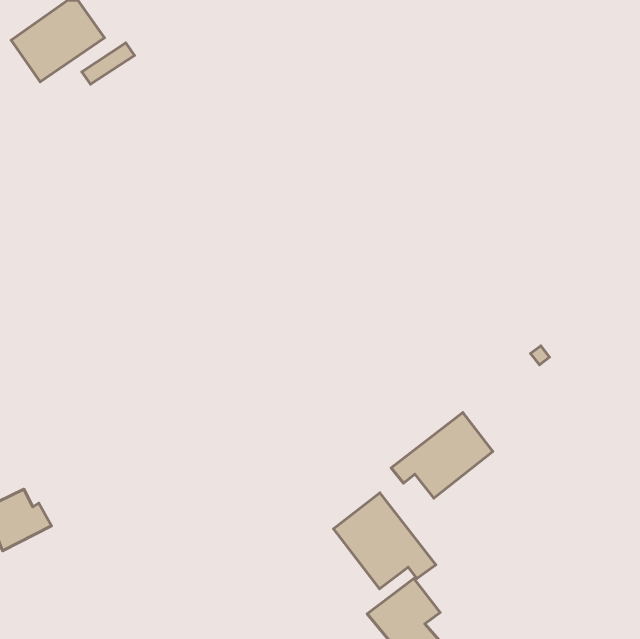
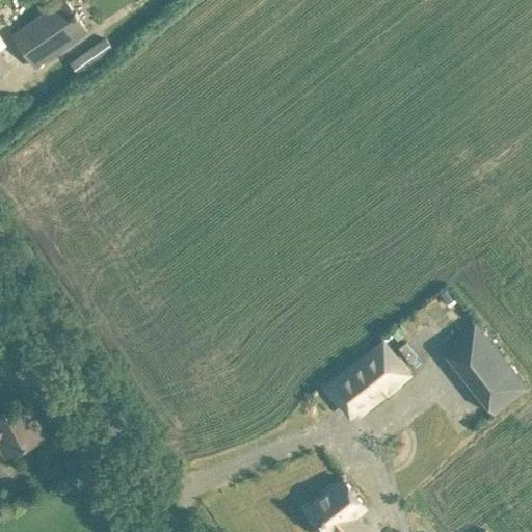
building: none -> [441,324,525,416]
building: [334,493,436,589] -> none

